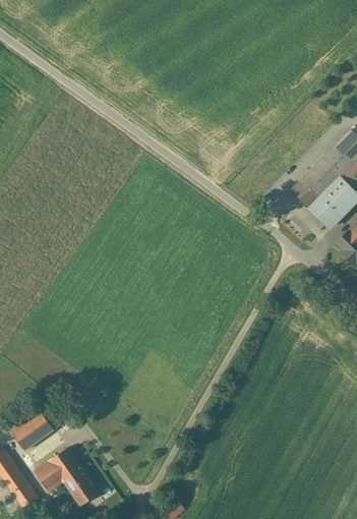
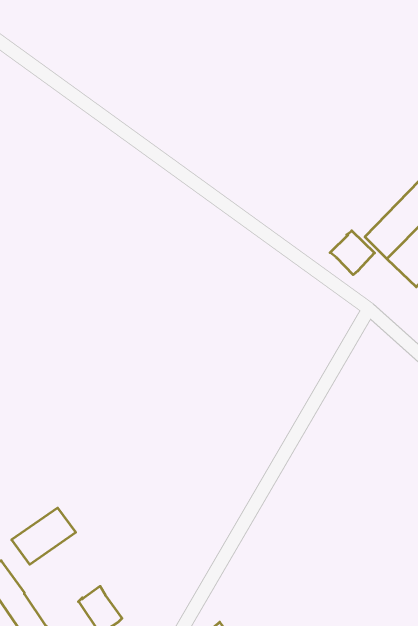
building: none -> [330,231,375,275]
building: [35,449,80,491] -> none

